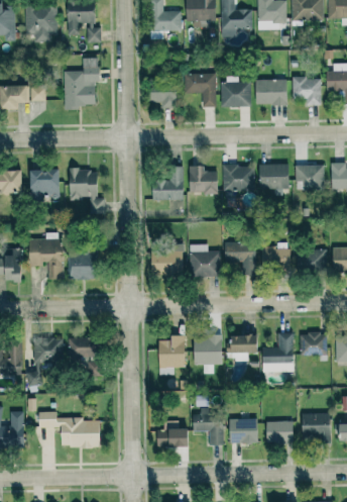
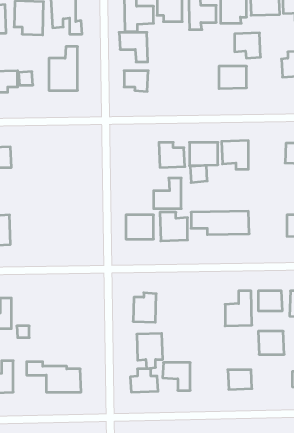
building: [185,74,217,107] -> [119,32,148,62]
building: [222,76,251,107] -> none
building: [294,78,323,106] -> [235,33,261,58]
building: [296,166,325,191] -> none
building: [152,167,184,201] -> [154,178,181,209]
building: [29,170,60,202] -> none
building: [70,170,105,214] -> none
building: [28,239,64,280] -> none
building: [297,249,327,271] -> none
building: [70,252,96,280] -> none
building: [194,335,223,375] -> [137,333,163,368]
building: [230,335,257,362] -> none
building: [70,339,96,376] -> none
building: [33,340,64,366] -> none
building: [302,414,331,440] -> [258,331,284,354]
building: [229,419,258,443] -> none

